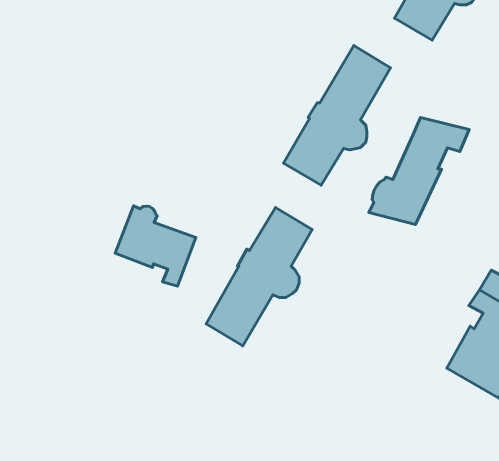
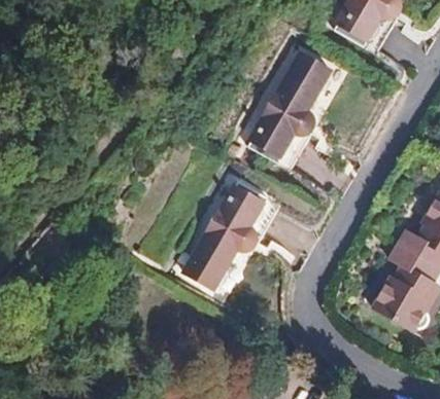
building: [369,118,469,225] -> none
building: [115,206,196,286] -> none

